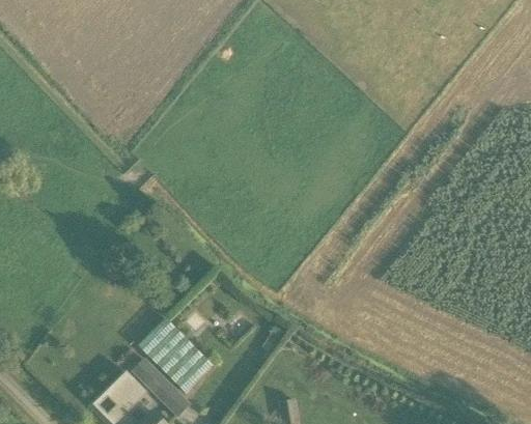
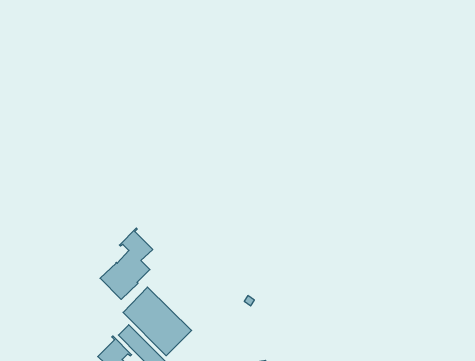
building: none -> [100,228,153,299]

